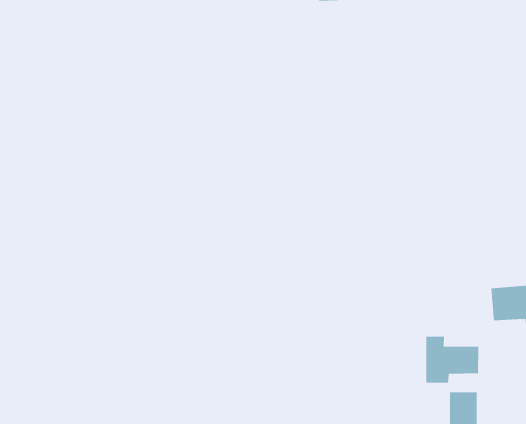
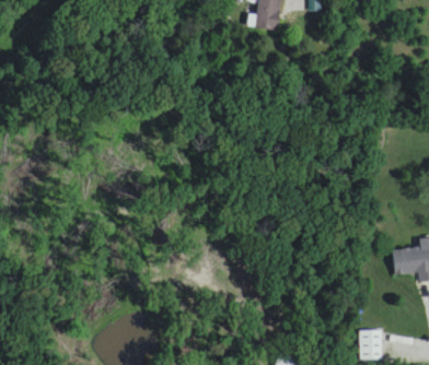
building: [426,336,479,384] -> none

